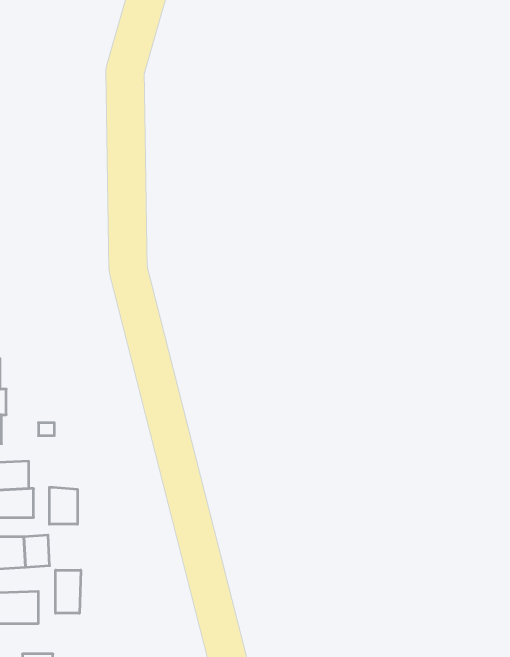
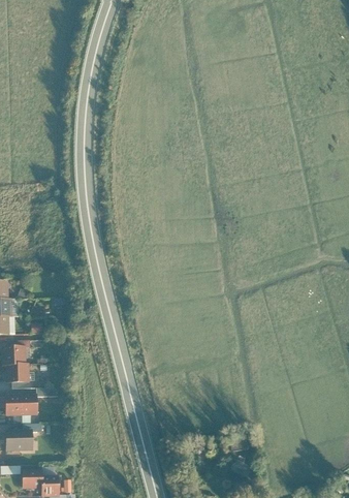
building: [49,487,77,524] -> none
building: [56,570,81,613] -> none

